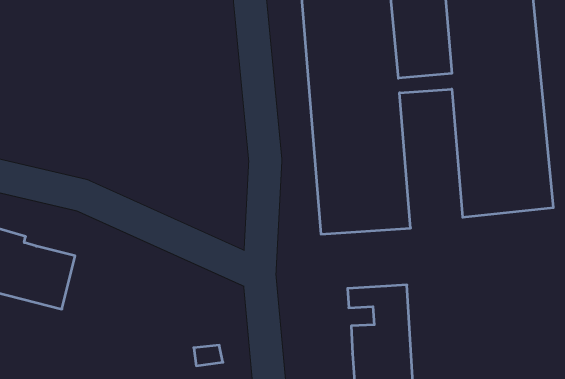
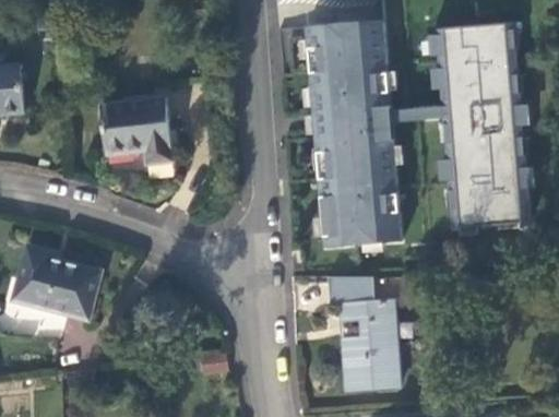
building: none -> [104,98,176,163]
building: none -> [332,273,379,300]

